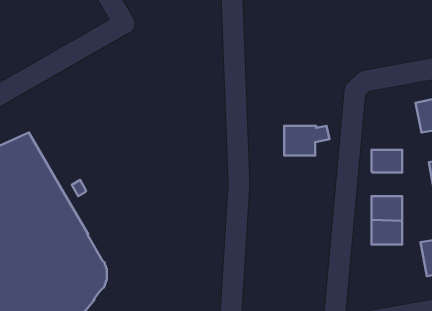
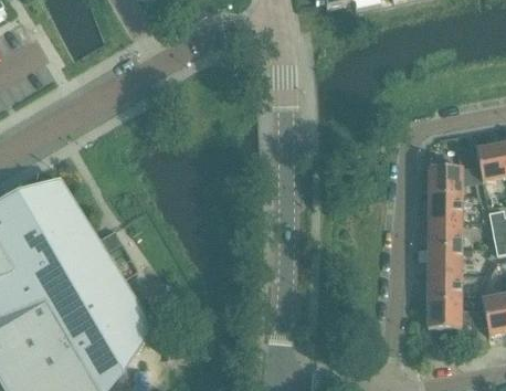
building: [284,126,329,156] -> [429,166,477,198]
building: none -> [429,221,462,247]
building: none -> [429,299,477,332]

